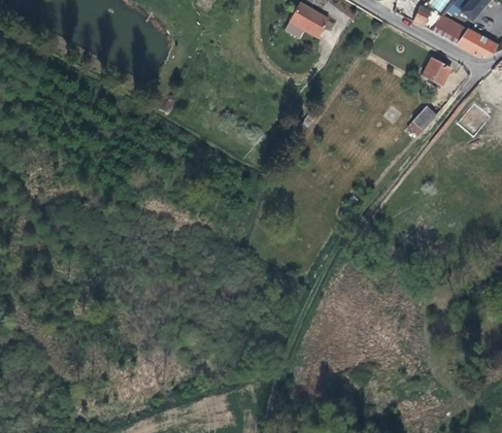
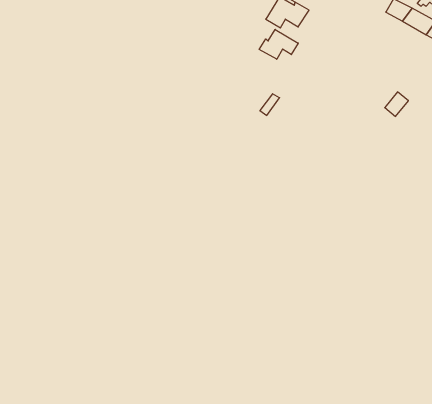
building: none -> [259,29,298,59]
building: [423,57,451,85] -> none

